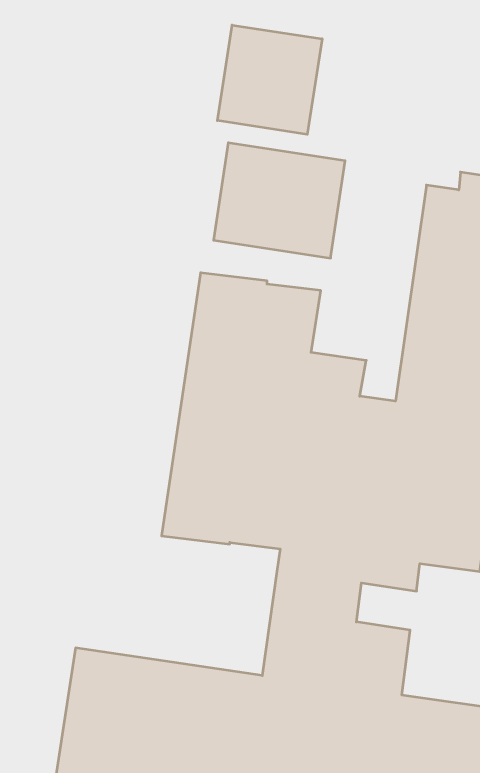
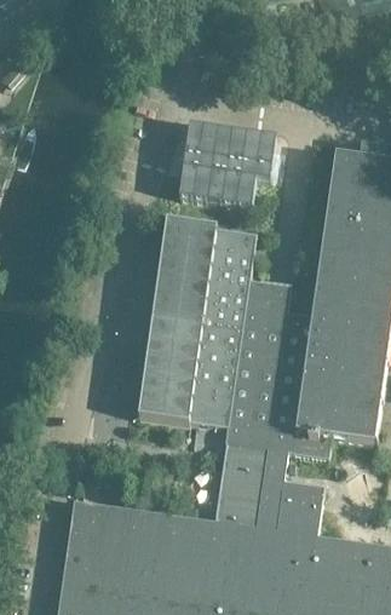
building: [217,25,322,134] -> none

